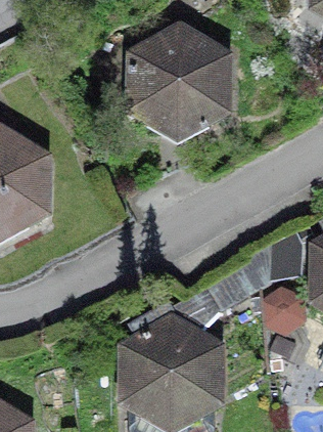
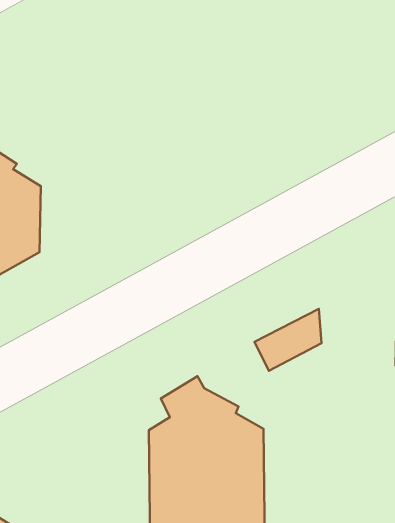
building: [135,29,224,127] -> none

